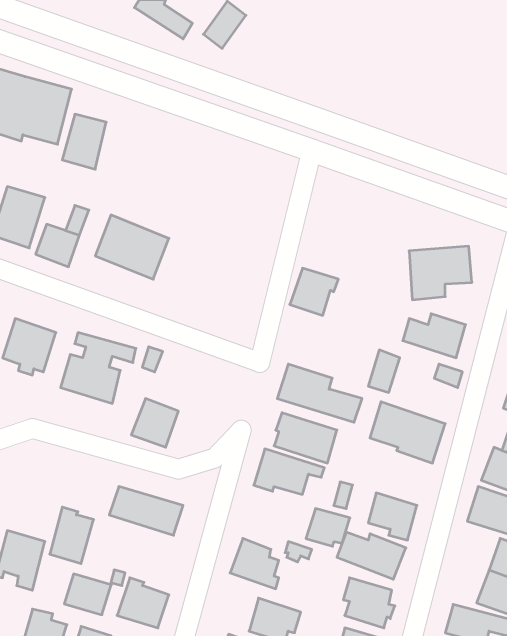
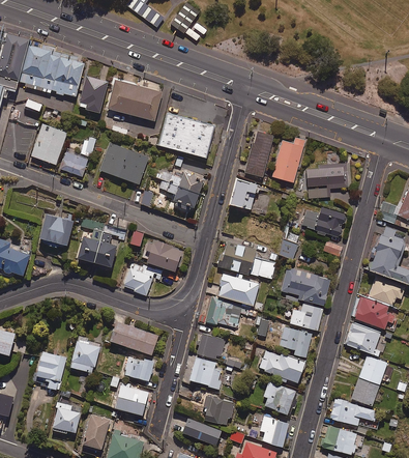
building: none -> [107,80,162,122]
building: none -> [157,113,214,159]
building: none -> [244,132,273,177]
building: none -> [272,138,305,183]
building: none -> [159,172,204,211]
building: none -> [144,239,182,273]
building: none -> [290,304,323,332]
building: [306,509,350,546] -> [197,334,226,359]
building: [64,574,111,615] -> [123,354,154,381]

